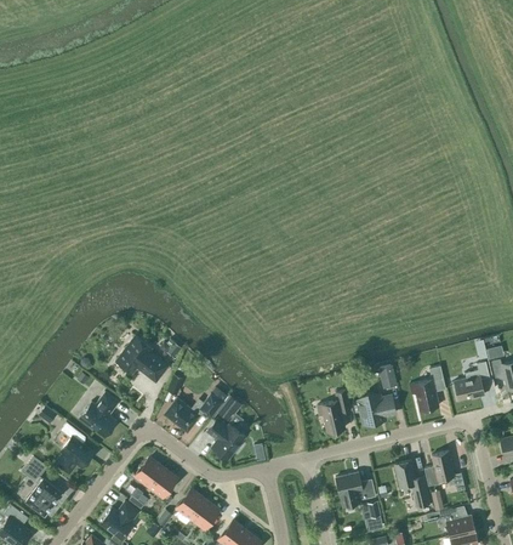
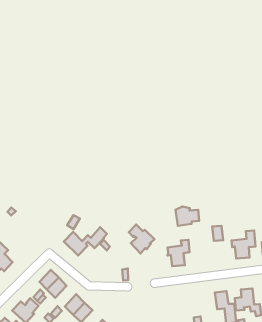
building: [115,336,167,382] -> none
building: [79,392,119,437] -> none
building: [358,394,394,424] -> [176,206,199,226]
building: [206,419,245,460] -> [129,225,155,253]
building: [335,472,375,507] -> none

